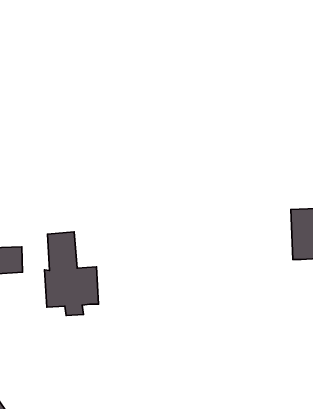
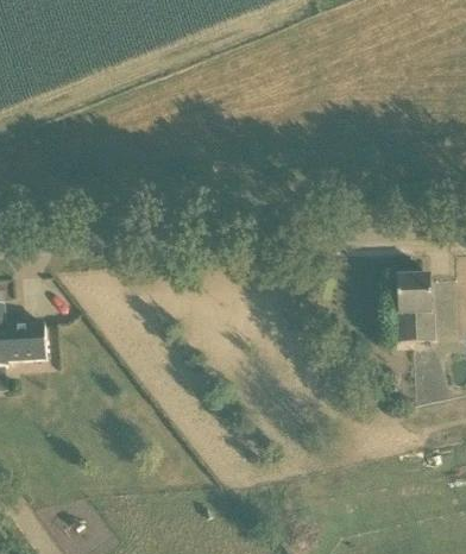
building: [45,232,99,316] -> none

